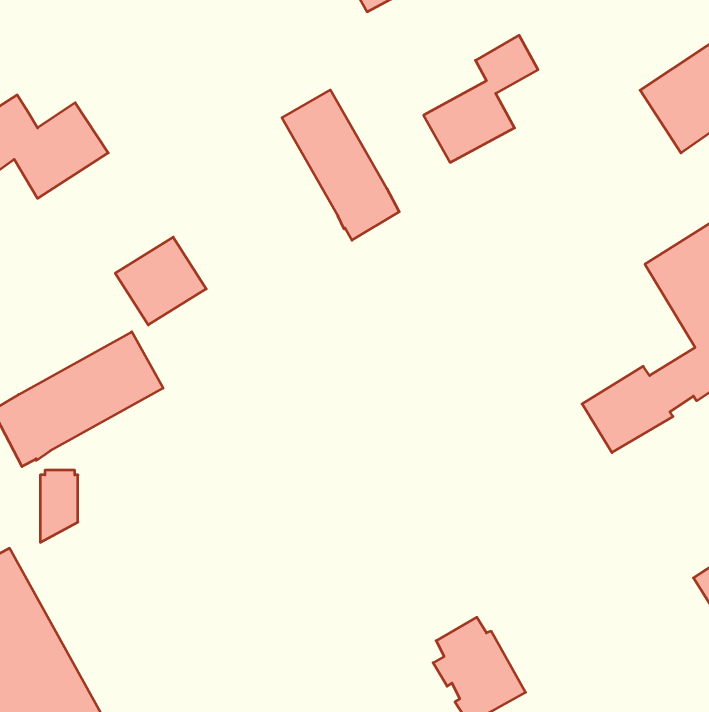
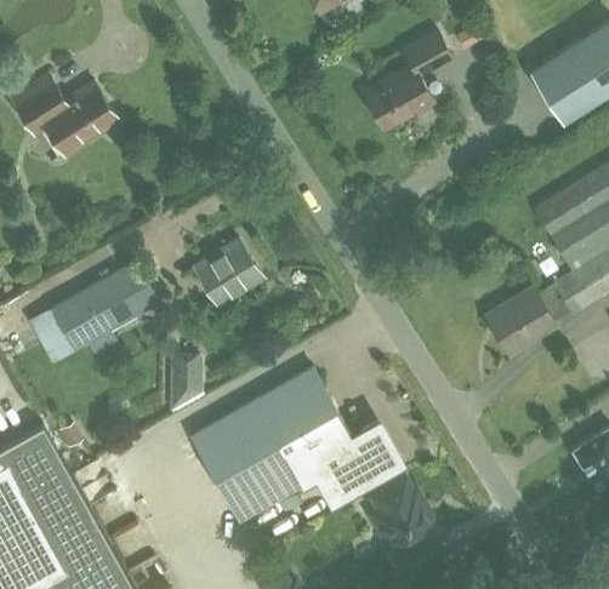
building: [282,90,399,240] -> none
building: [115,237,206,325] -> [193,240,263,308]
building: [40,470,78,542] -> [172,354,201,410]
building: none -> [190,368,398,521]

